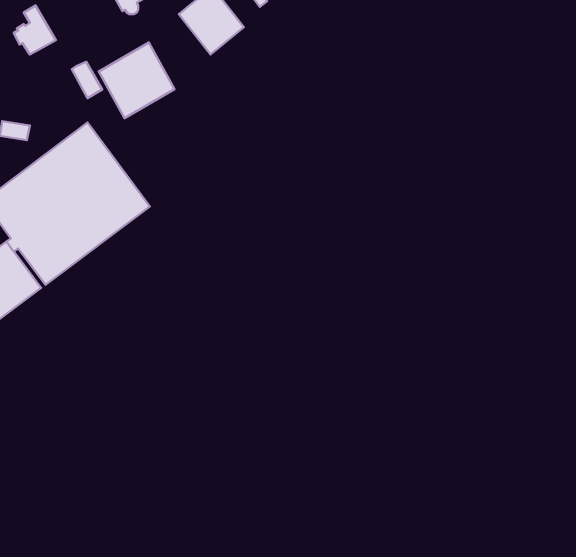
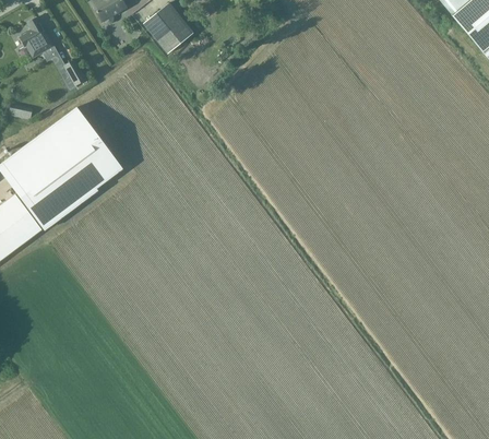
building: [99,43,174,118] -> none

